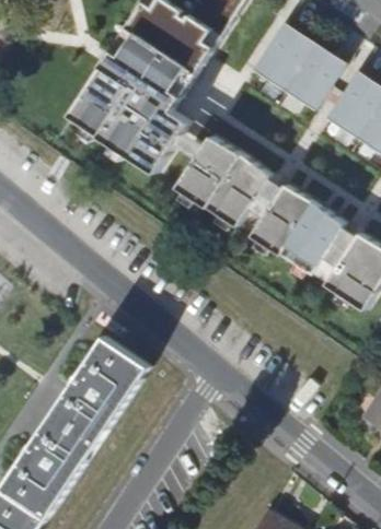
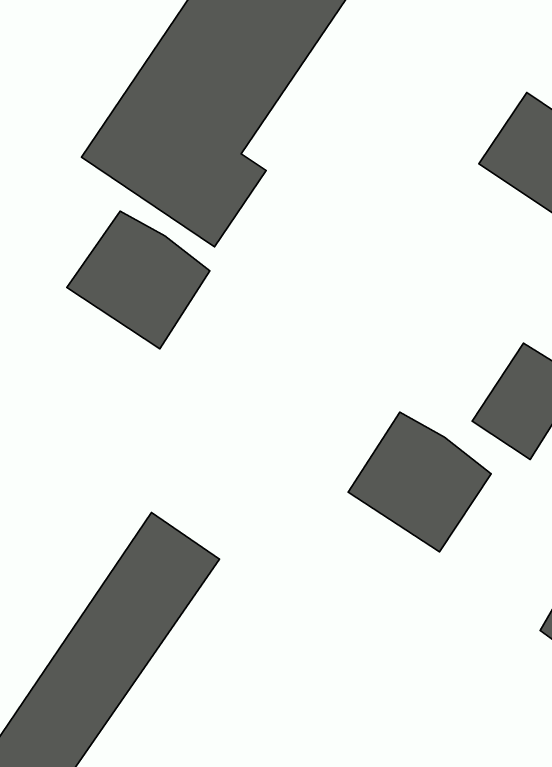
building: [250,19,343,107] -> none
building: [172,136,266,226] -> [67,211,210,349]
building: [246,184,340,275] -> [348,412,491,552]

